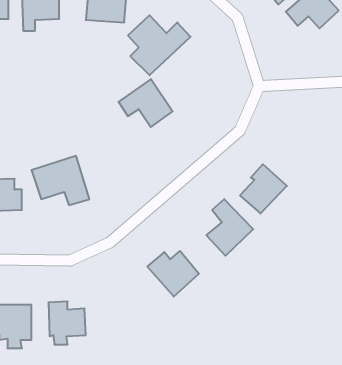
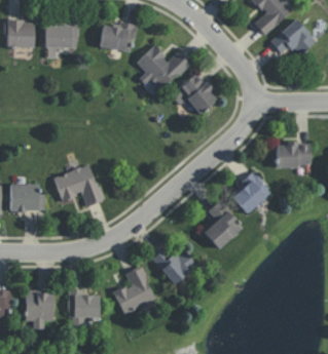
building: [118,79,173,127] -> [171,73,217,114]
building: none -> [276,143,311,168]
building: none -> [113,266,156,315]

